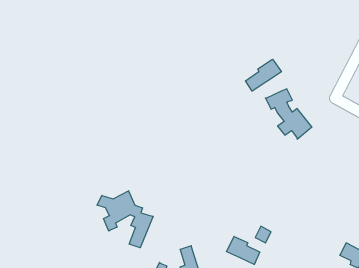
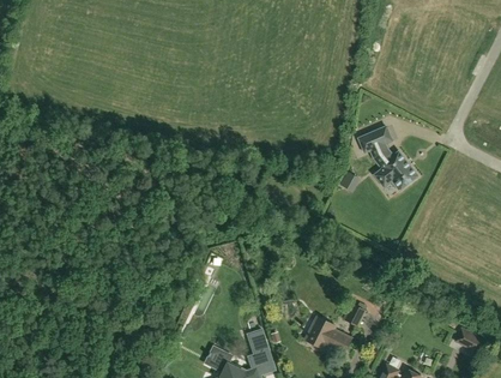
building: [245,59,281,91] -> none
building: [97,191,153,248] -> none

